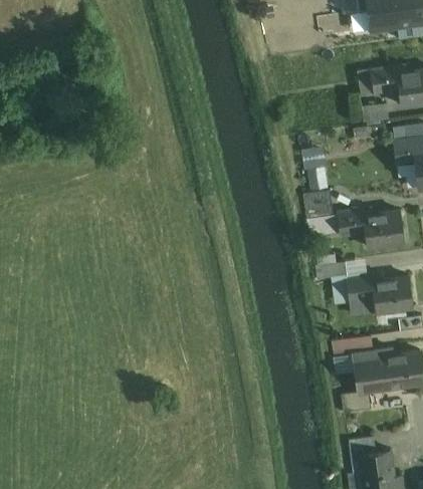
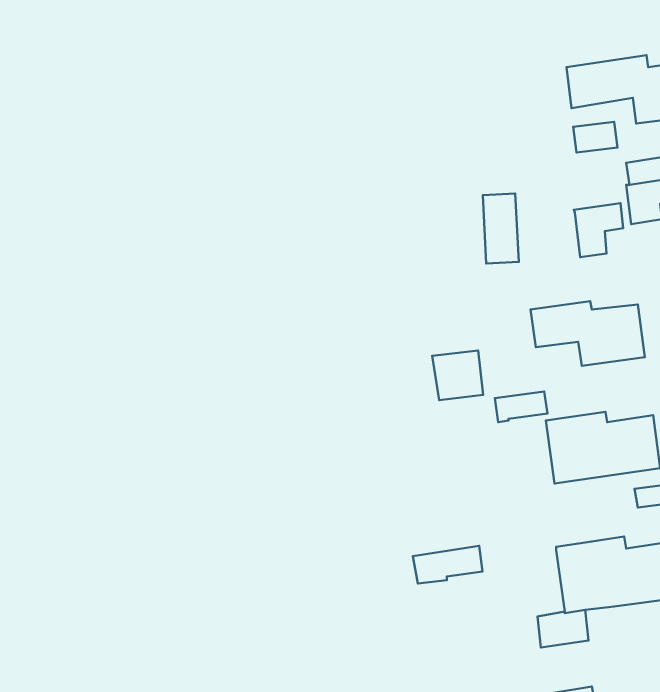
building: none -> [574,203,623,257]
building: [302,191,333,220] -> [432,351,483,400]
building: [332,336,373,358] -> [413,546,483,583]

